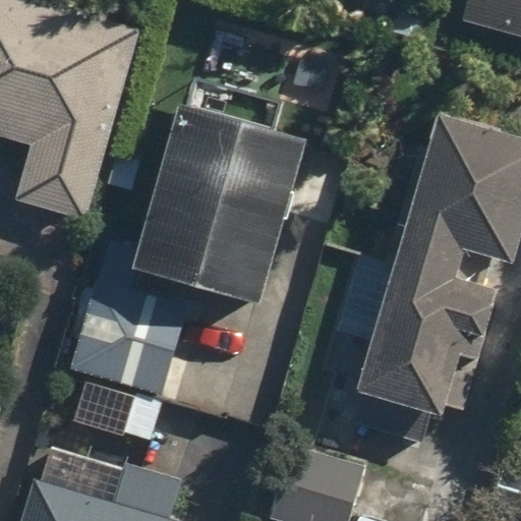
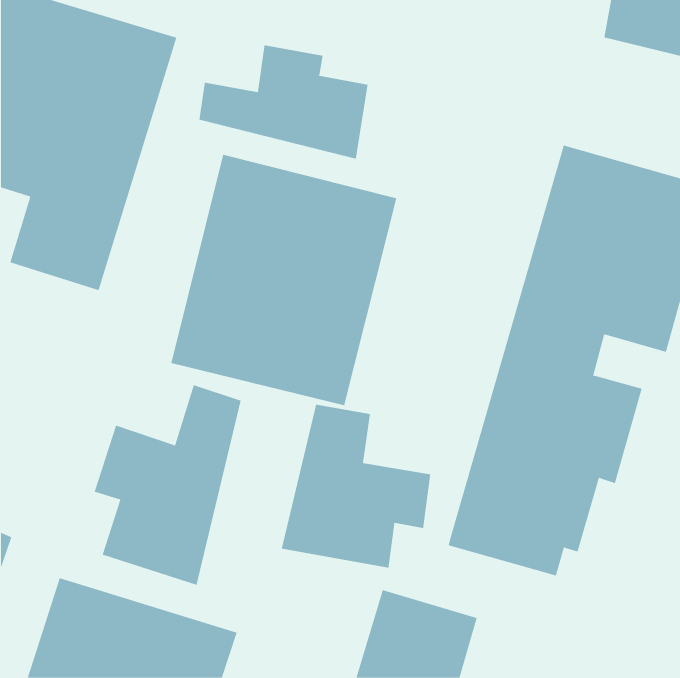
building: none -> [199,45,368,159]
building: none -> [281,404,431,568]

